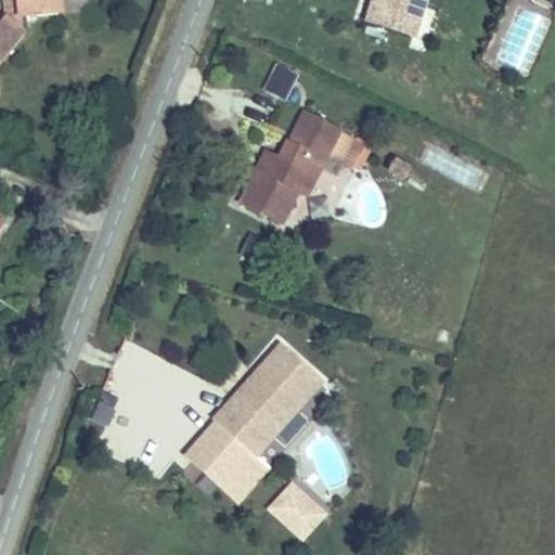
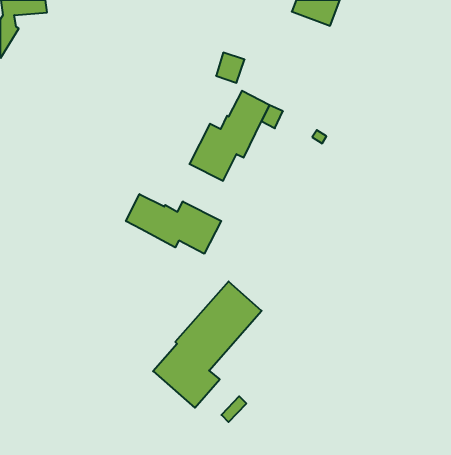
building: none -> [126,194,221,254]
building: [283,491,326,534] -> none

